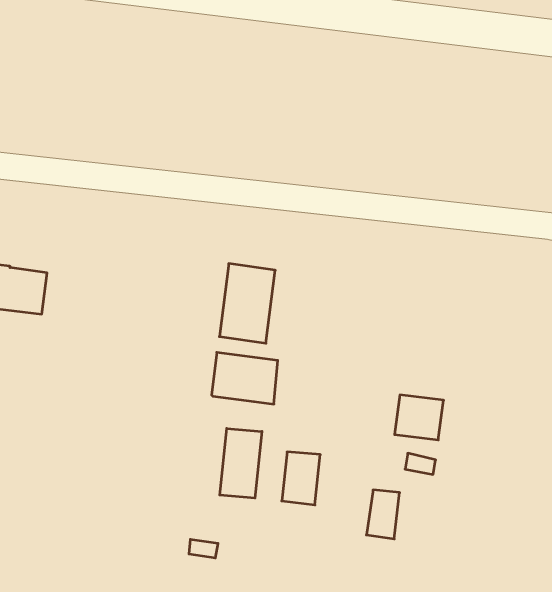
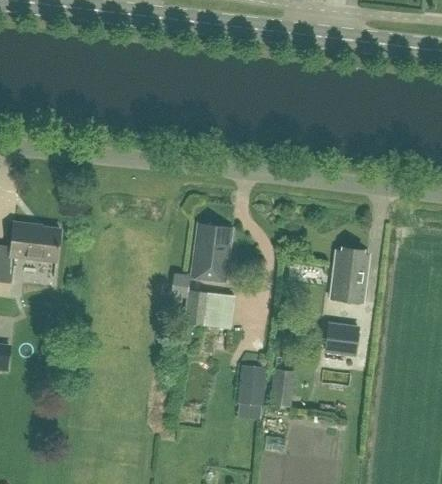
building: none -> [331,247,368,302]
building: [220,428,262,498] -> none
building: [366,490,400,539] -> [270,369,295,406]

